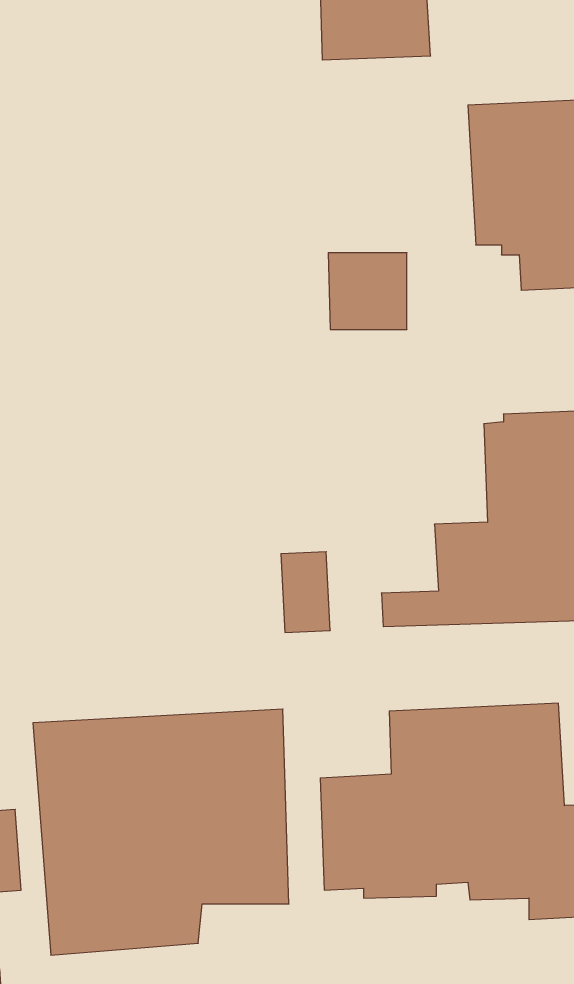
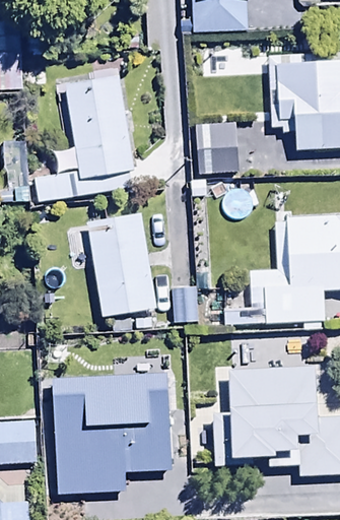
building: none -> [36,77,134,201]
building: none -> [88,213,157,316]

